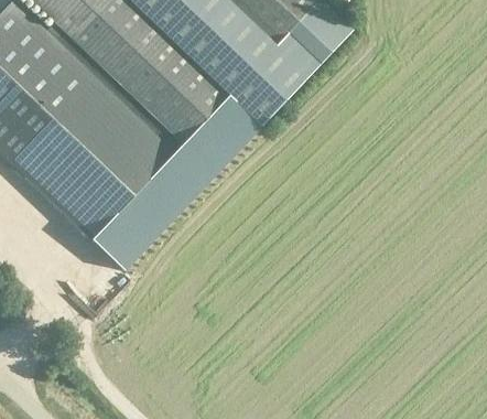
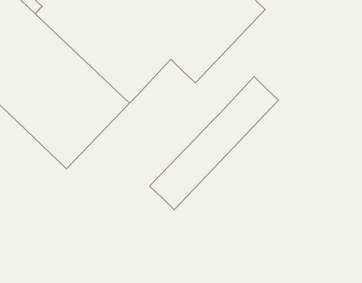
building: [91,94,260,268] -> [150,77,279,210]

